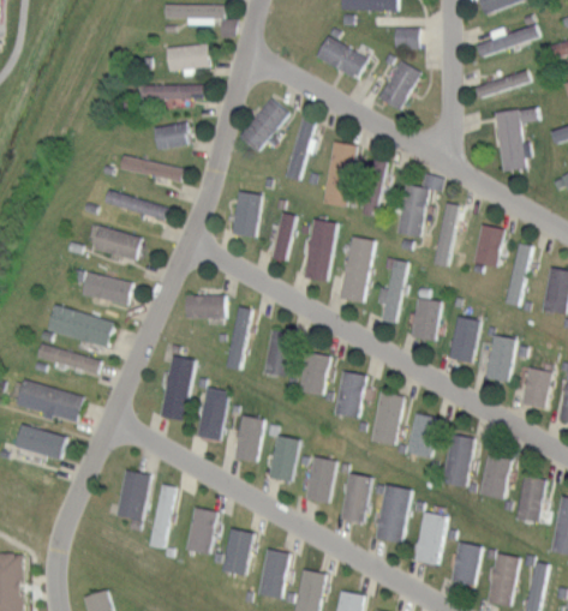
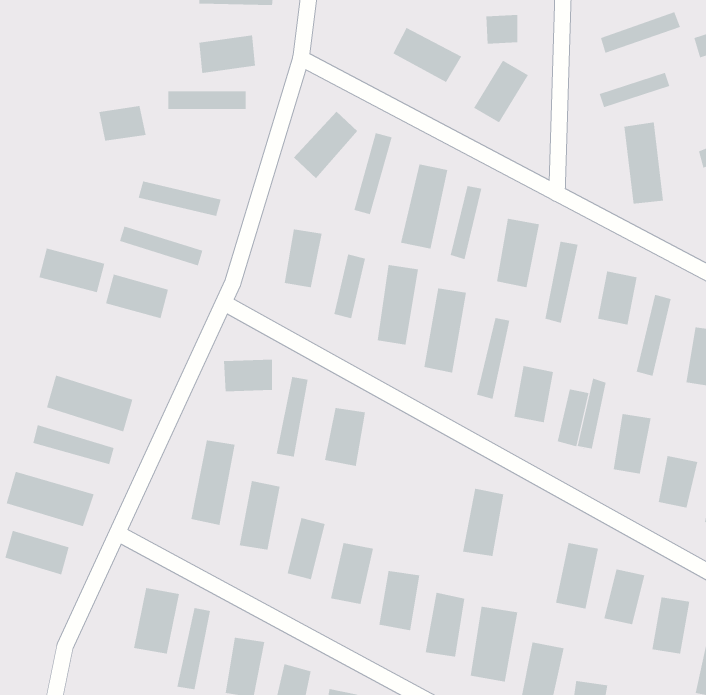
building: [154,122,191,150] -> [98,106,146,141]
building: [82,271,133,306] -> [38,248,105,293]
building: [299,352,329,395] -> none
building: [335,370,365,417] -> none
building: [406,413,438,457] -> none

